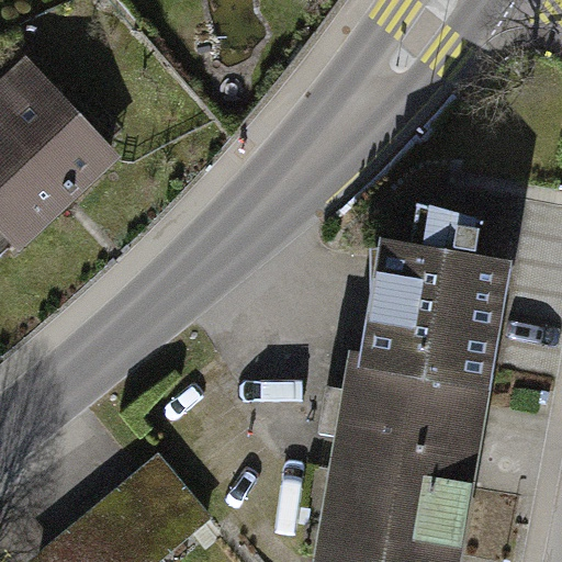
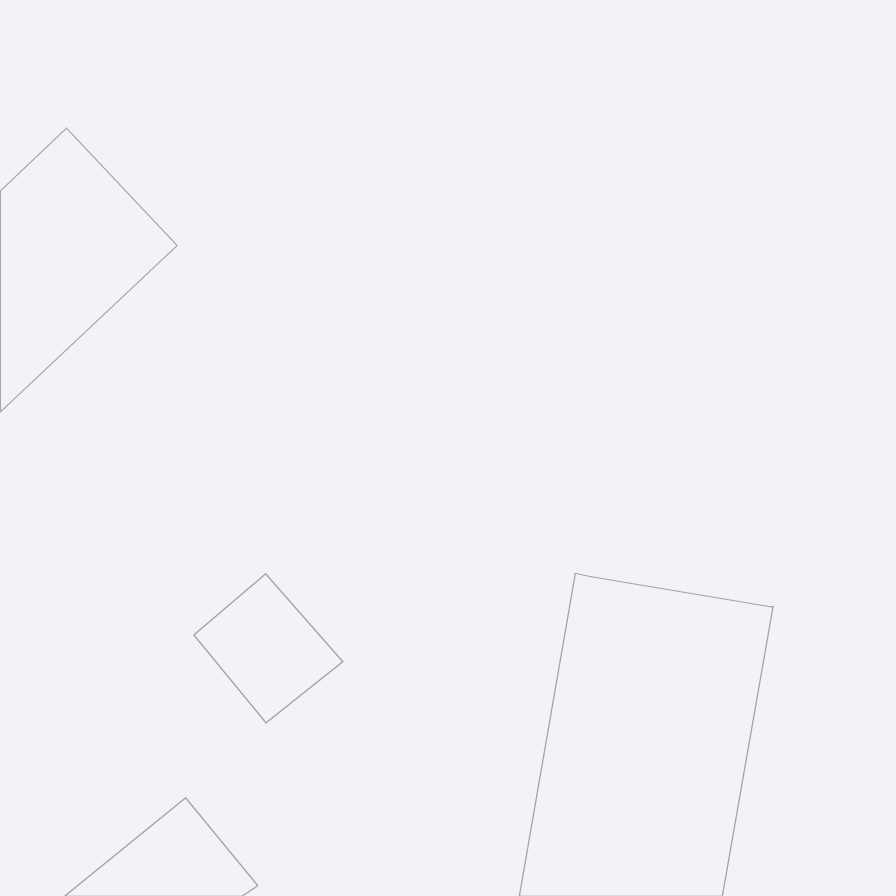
building: [370,204,503,380] -> none
building: [116,461,210,554] -> [194,574,343,723]

